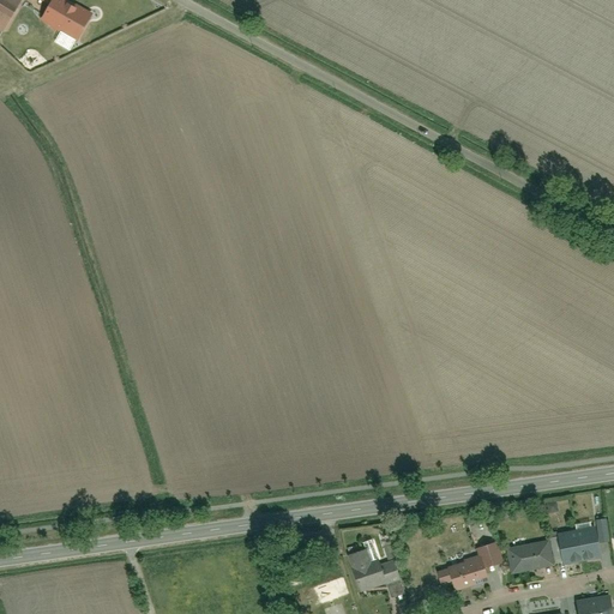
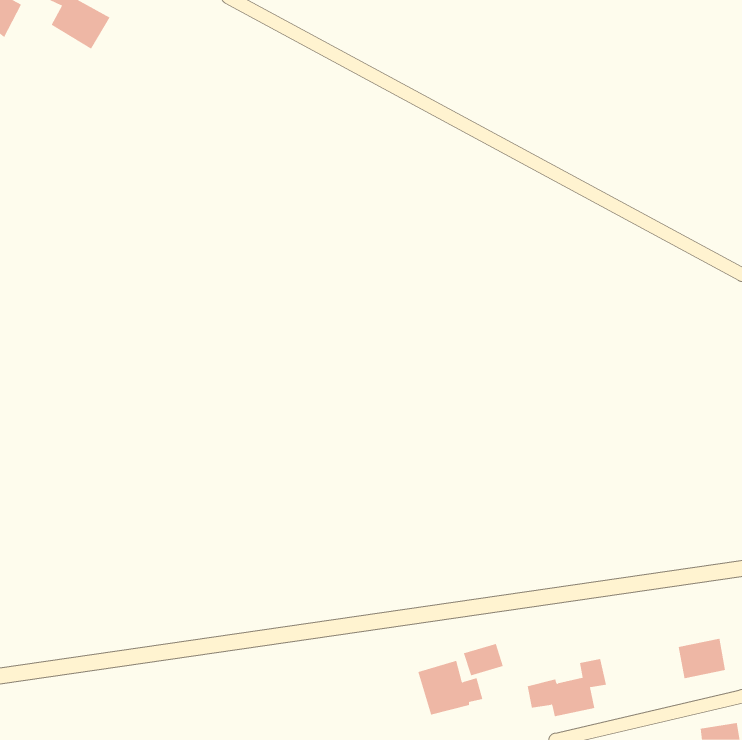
building: none -> [463,643,504,676]
building: [513,540,552,572] -> none

